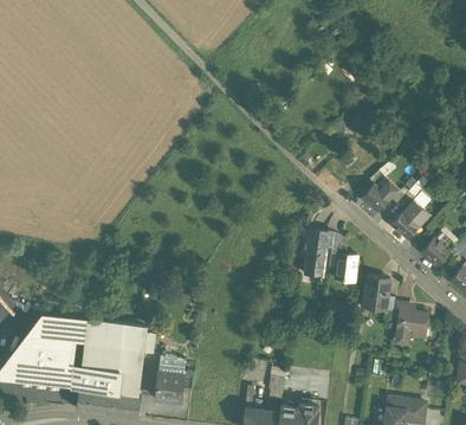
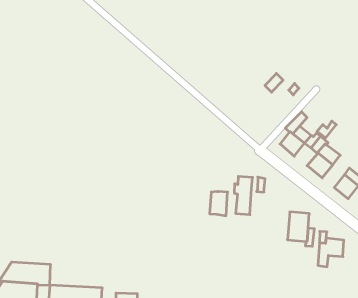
building: [335,253,357,282] -> [210,192,228,216]
building: [85,318,148,349] -> none

